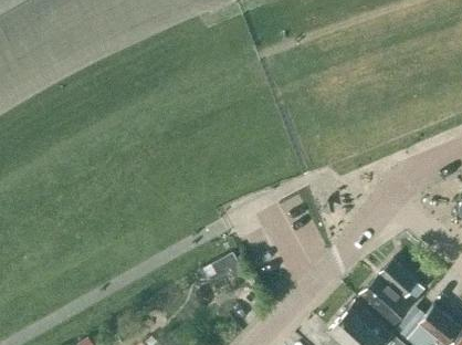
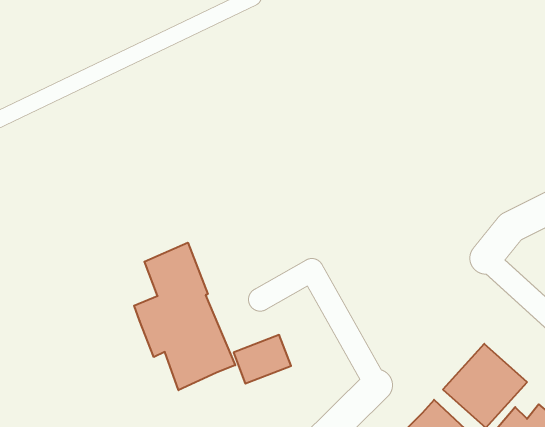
building: none -> [134,243,235,390]

